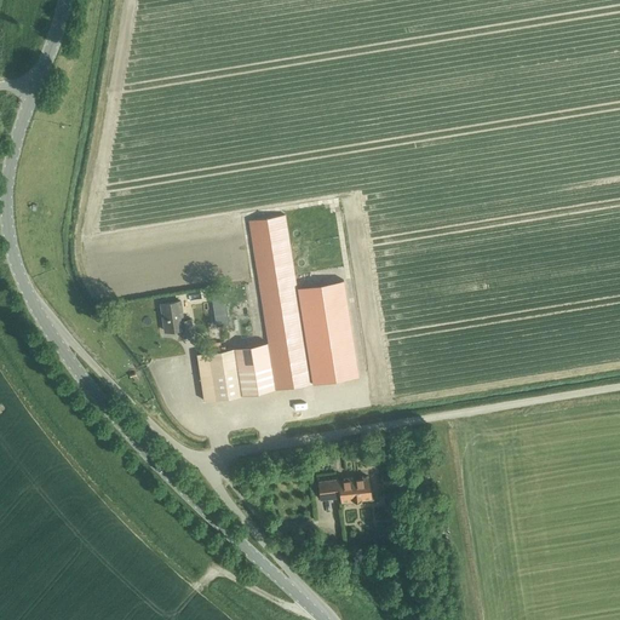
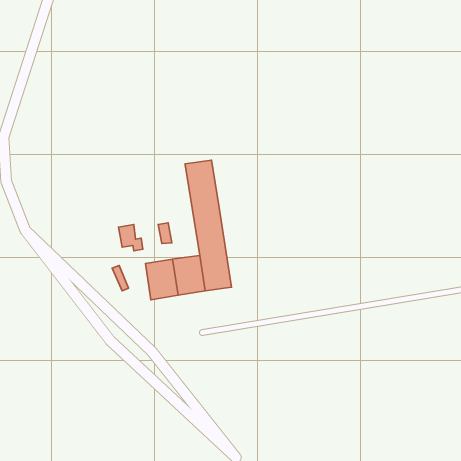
building: [297,282,357,385] -> none
building: [316,477,369,503] -> none

